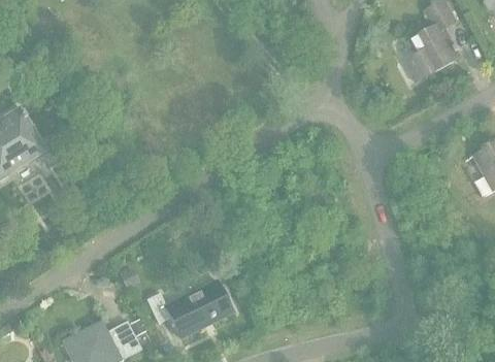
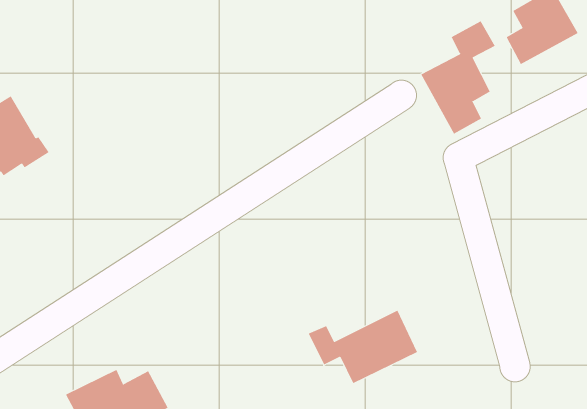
building: none -> [421,20,495,135]
building: [145,281,231,338] -> [308,310,418,384]

